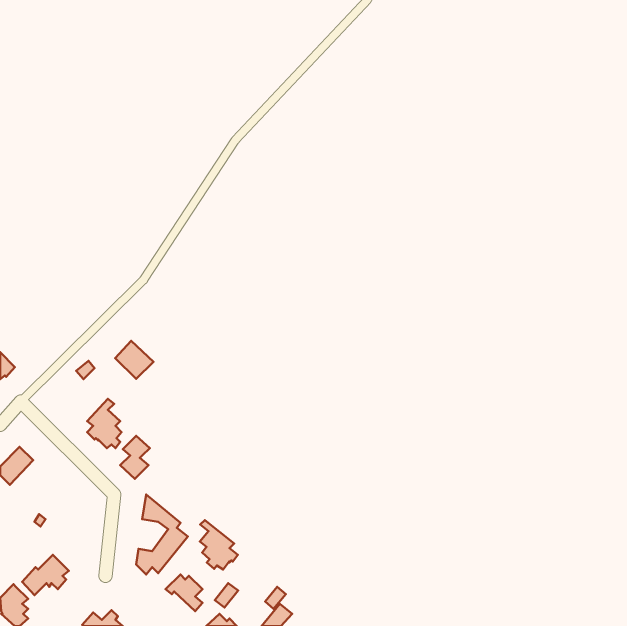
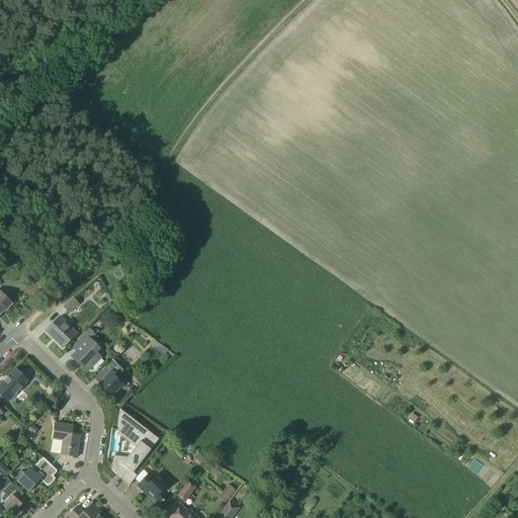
building: [115,341,153,379] -> [46,316,77,347]
building: none -> [51,423,80,456]
building: [200,520,238,570] -> none

